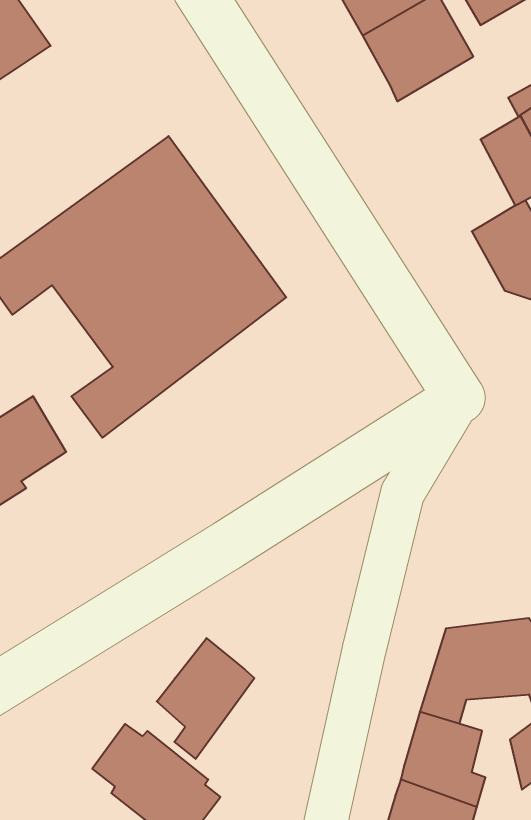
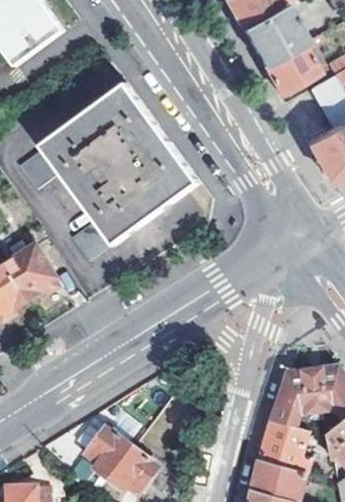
building: none -> [261,35,317,92]
building: [157,638,254,759] -> none

